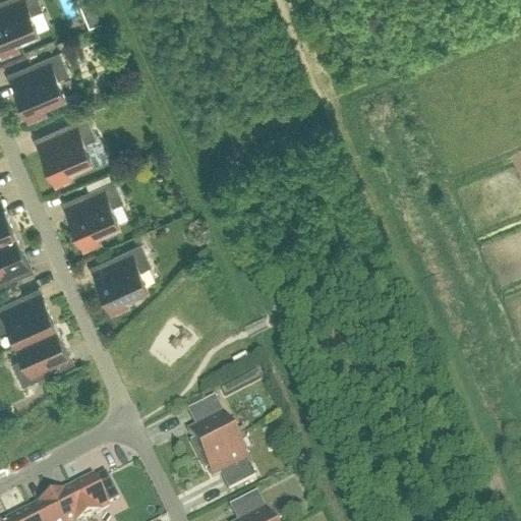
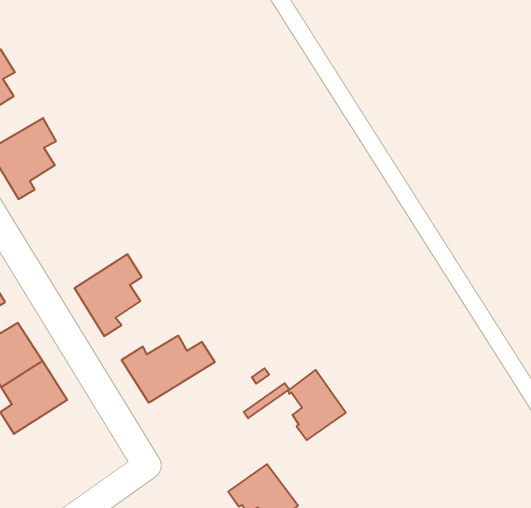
building: [63,184,122,250] -> none
building: none -> [122,336,215,403]
building: [187,404,234,463] -> [288,370,346,440]

